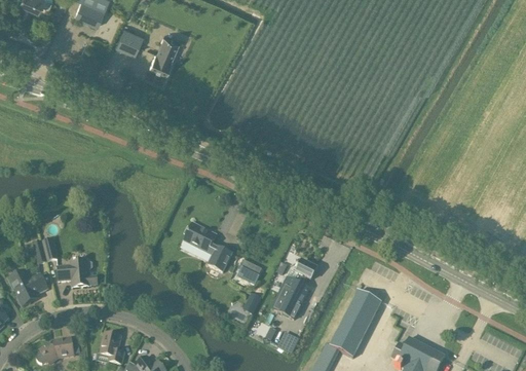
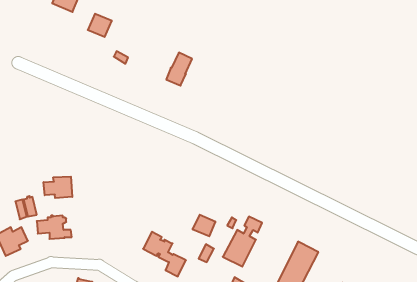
building: [150,34,180,72] -> [166,53,192,86]
building: none -> [44,177,72,198]
building: [183,220,232,271] -> [143,232,186,276]

